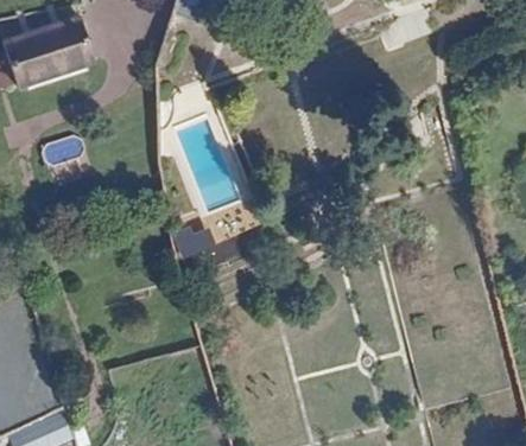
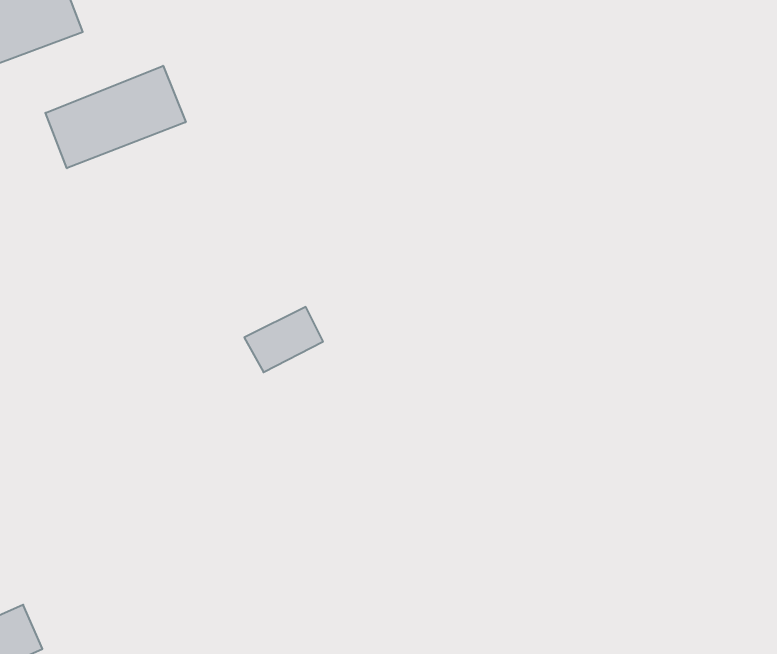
building: none -> [45,66,186,168]

